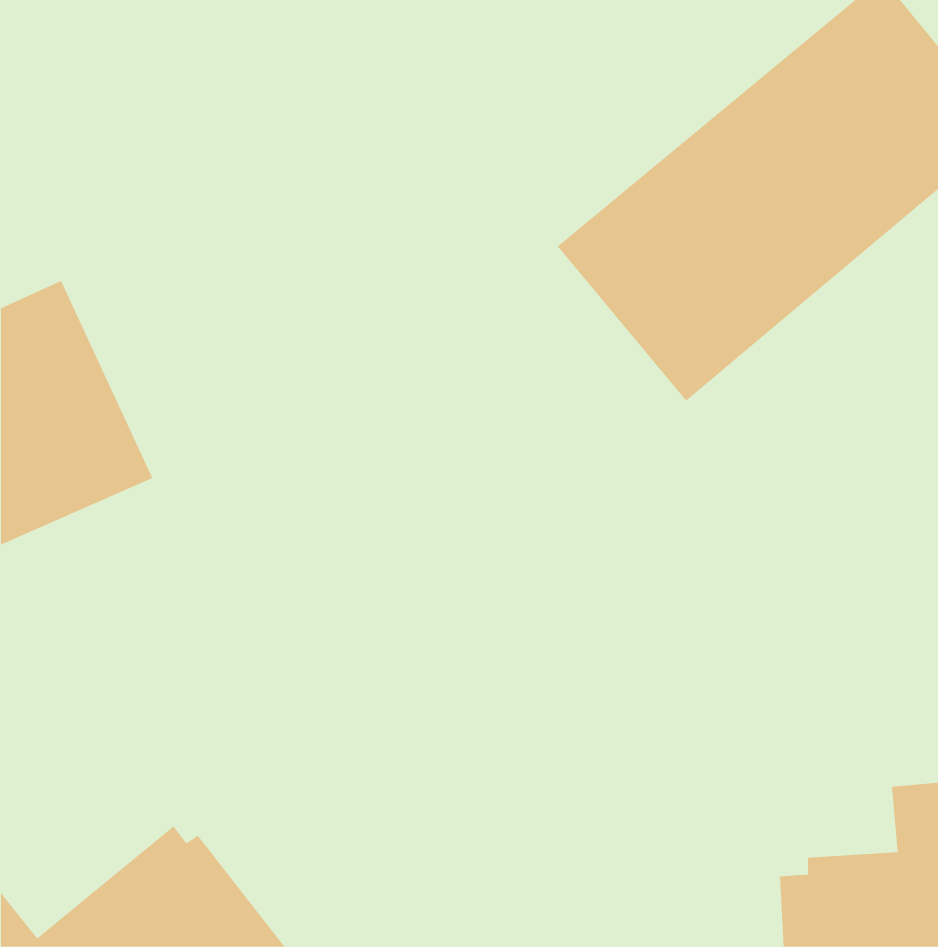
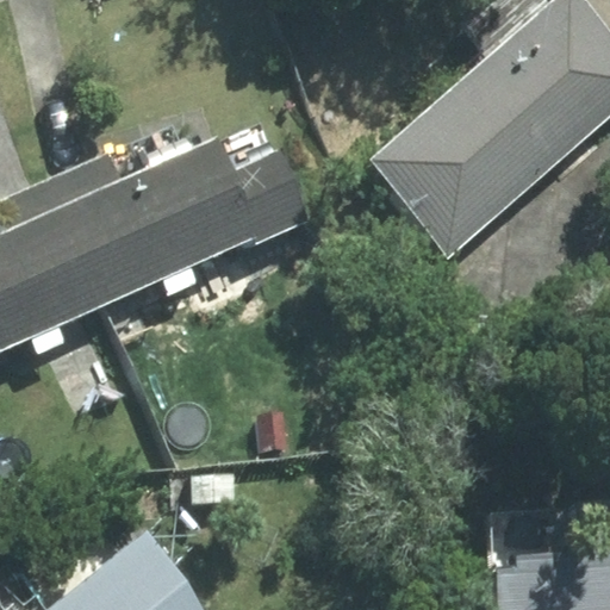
building: none -> [50,139,310,305]

